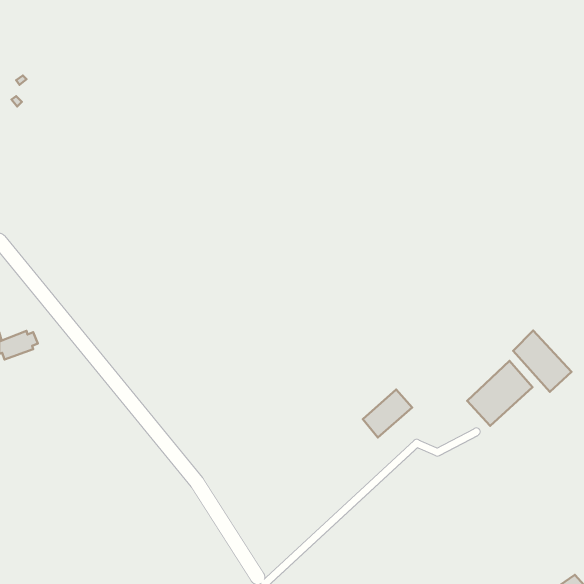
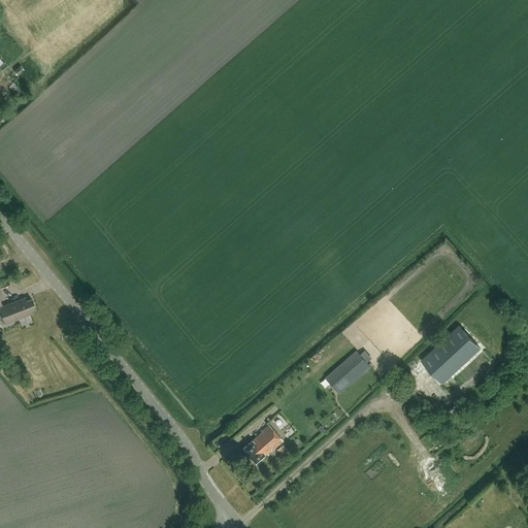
building: [513,331,572,392] -> none
building: none -> [241,426,282,464]

